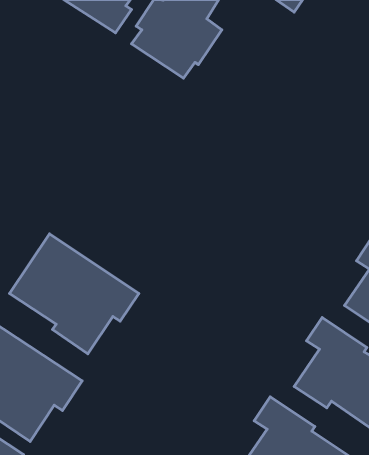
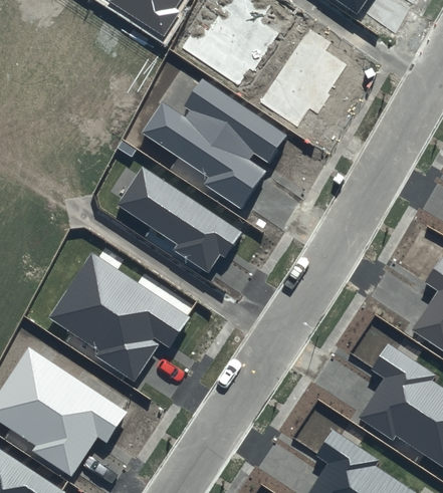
building: none -> [259,28,347,128]
building: none -> [141,78,288,210]
building: none -> [117,166,243,272]

